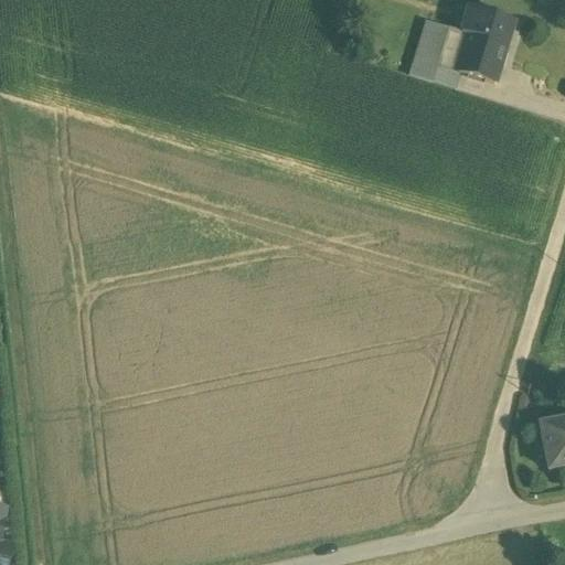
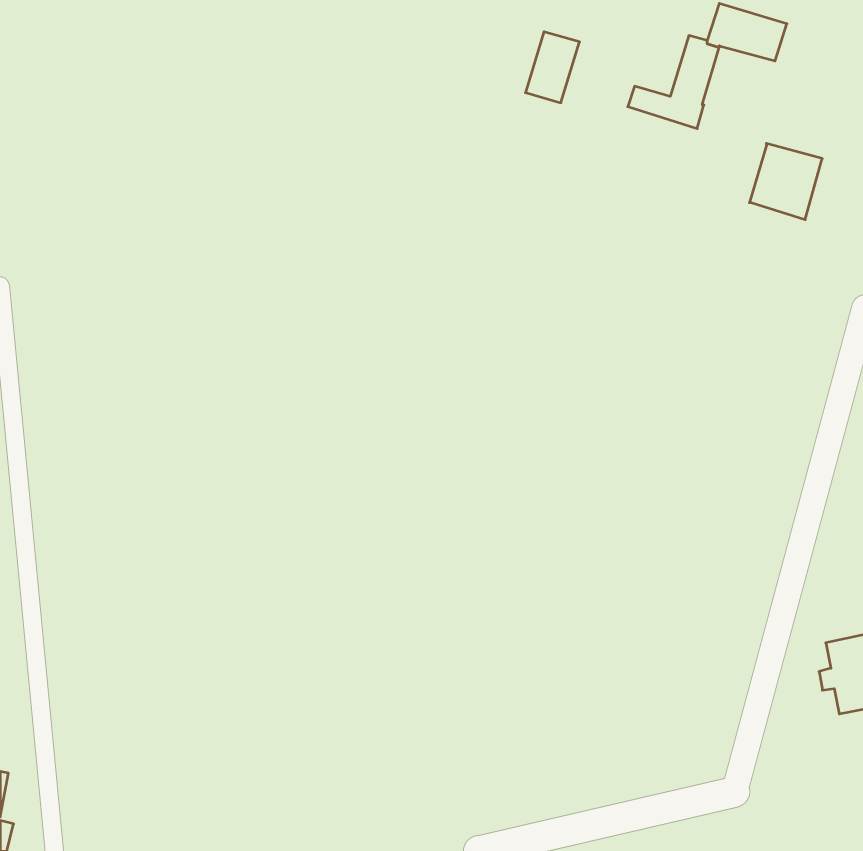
building: [415,17,450,63] -> [525,32,580,103]
building: [459,30,507,79] -> [749,143,822,220]

